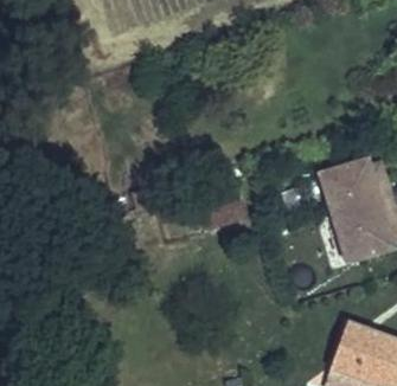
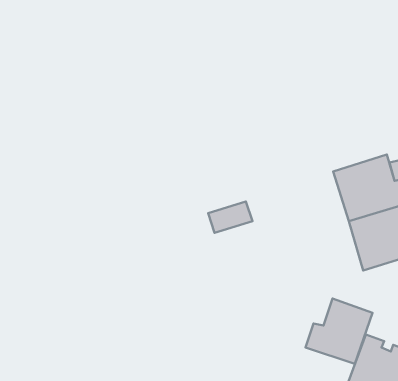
building: none -> [306,299,373,364]

